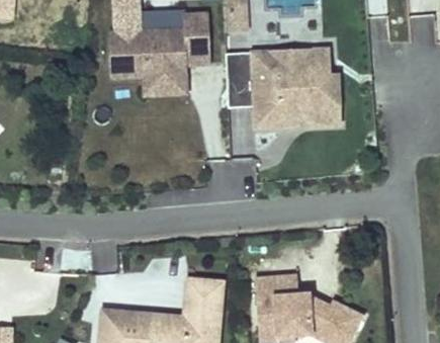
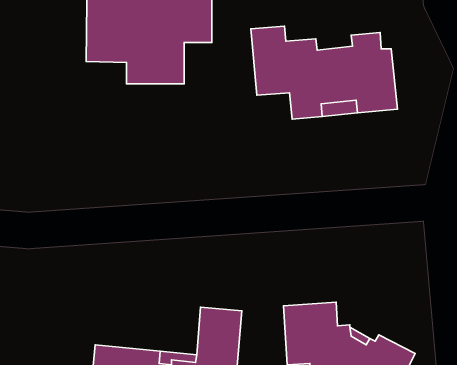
building: [258,44,335,70] -> none

